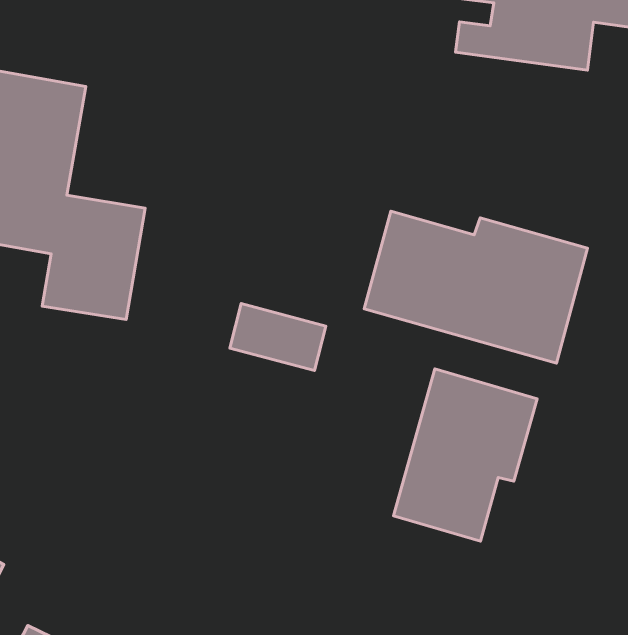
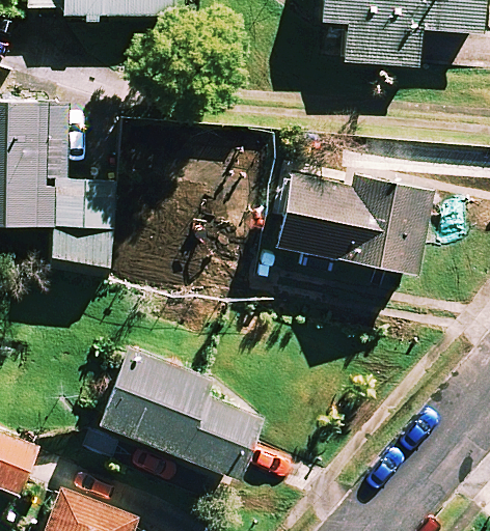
building: [393,369,537,541] -> none
building: none -> [97,350,260,475]

